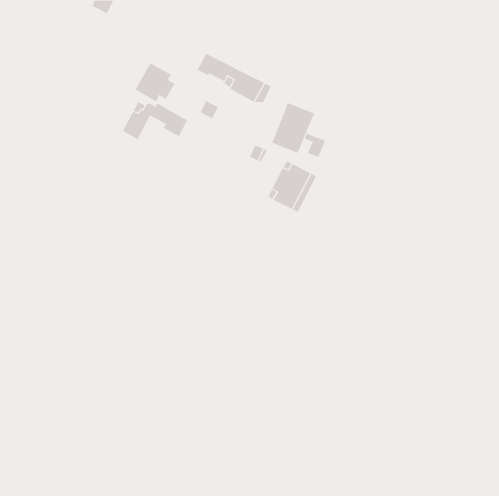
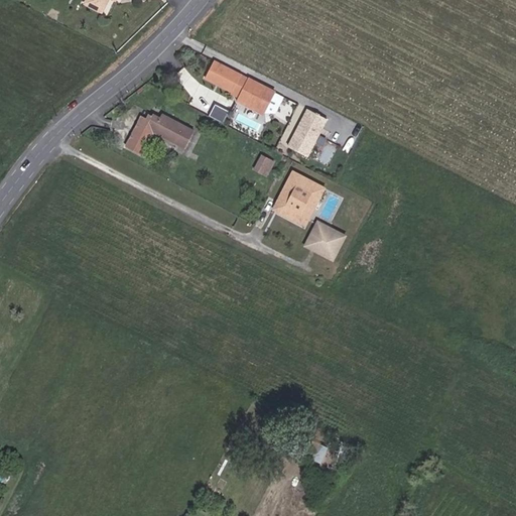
building: [135,63,175,102] -> none
building: none -> [307,221,341,258]

